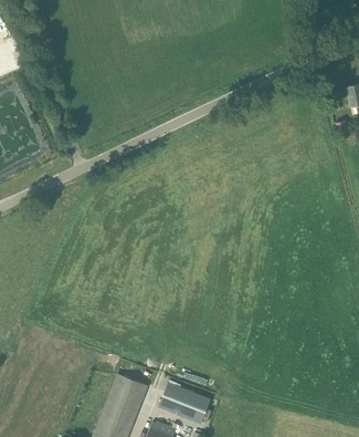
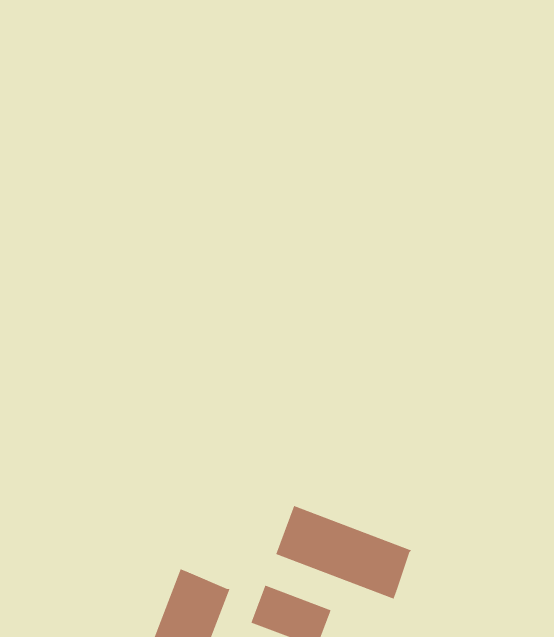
building: none -> [275,505,412,599]

